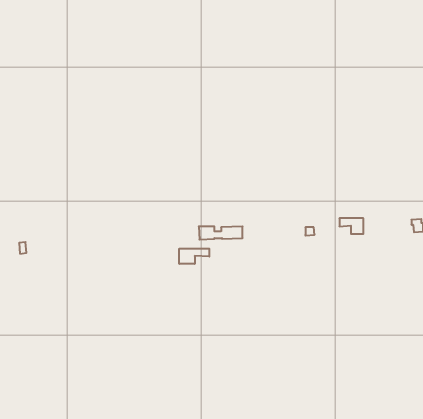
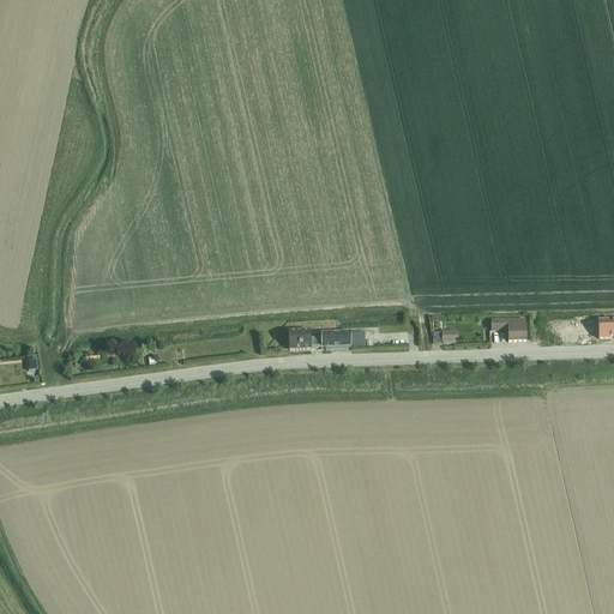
building: [179,249,209,264] -> none

